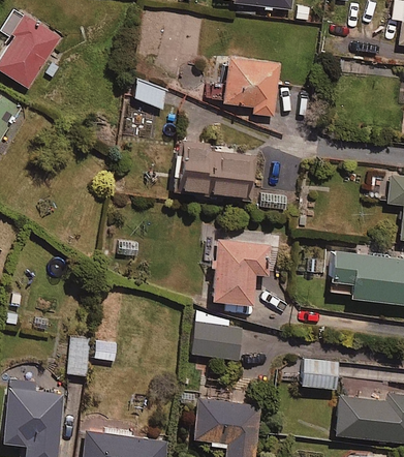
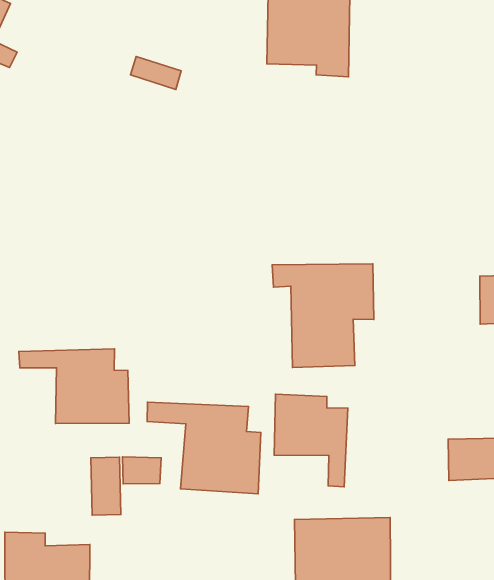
building: [174,138,250,192] -> none
building: none -> [19,349,129,424]
building: none -> [147,402,261,494]

